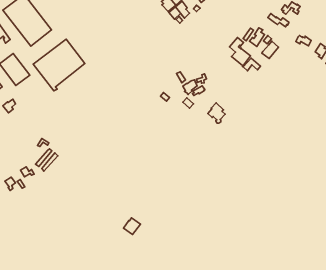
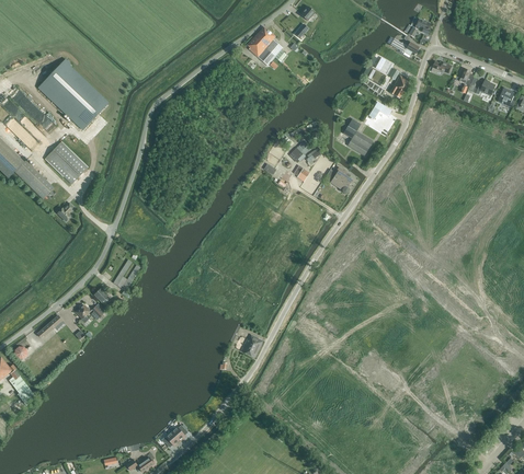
building: [229,37,251,66] -> [343,119,373,157]
building: [33,39,85,91] -> none

